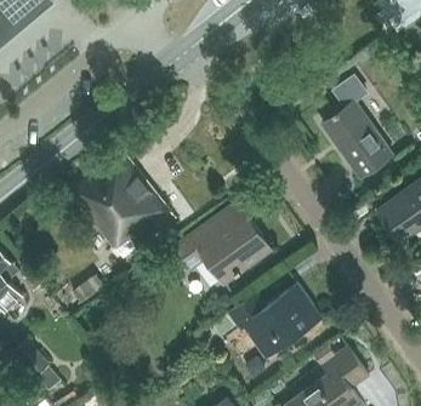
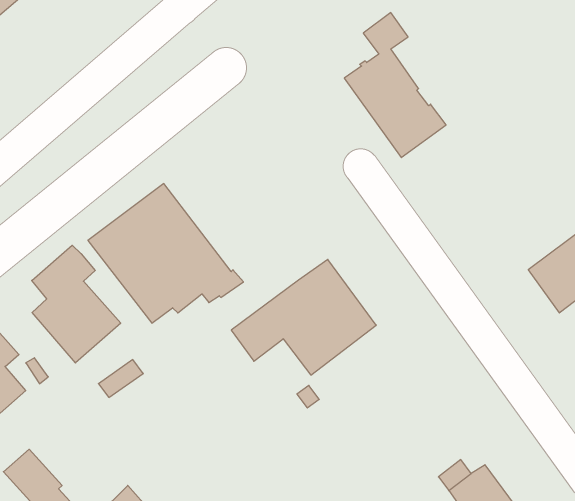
building: [322,76,393,178] -> [344,13,446,158]
building: none -> [32,245,121,363]
building: [228,286,320,359] -> none

